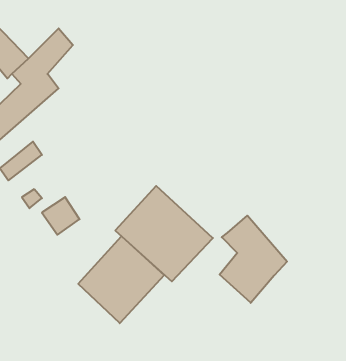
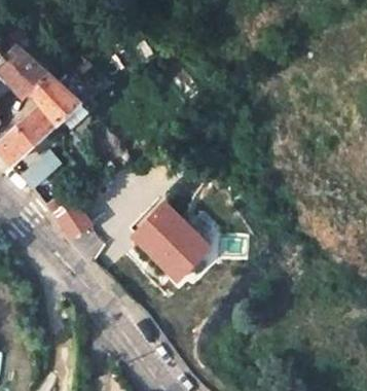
building: [220,216,287,303] -> none
building: [78,236,164,323] -> none

